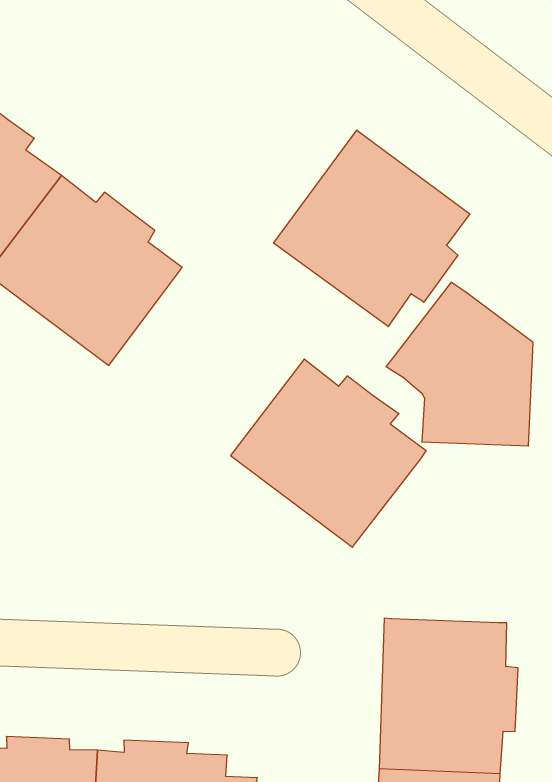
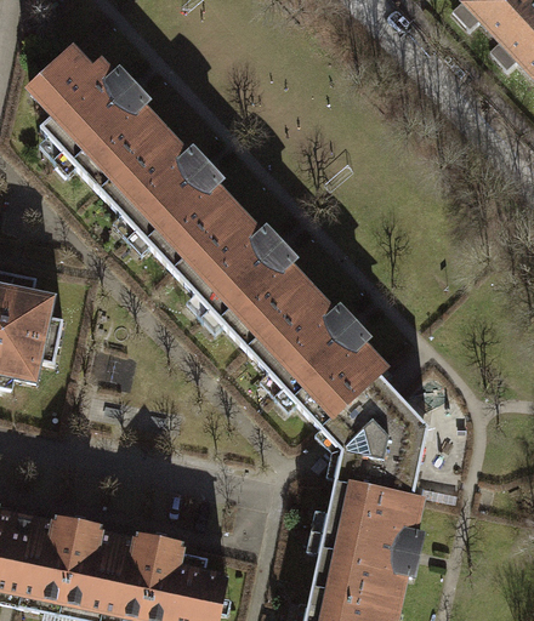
building: [274,130,470,327] -> none
building: none -> [174,209,311,346]
building: [386,282,533,446] -> [324,371,430,495]

